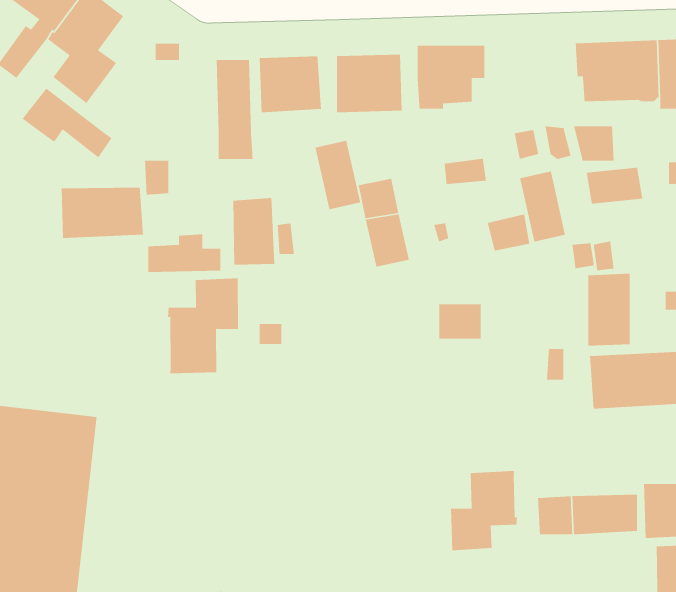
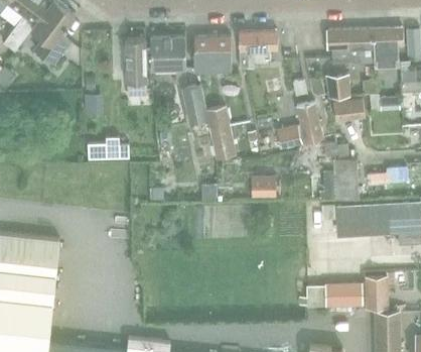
building: [22,88,113,158] -> none
building: [61,187,144,239] -> none
building: [233,197,275,265] -> none
building: [167,278,239,374] -> none
building: [450,470,518,551] -> none

